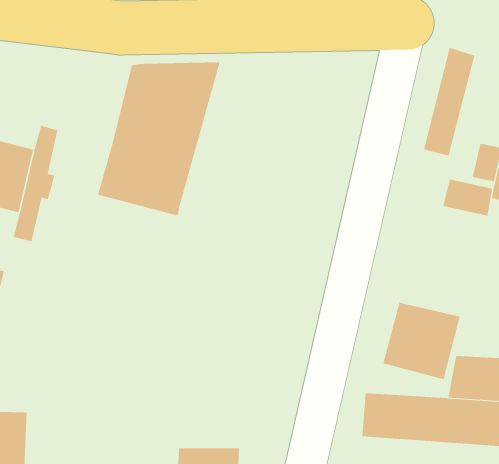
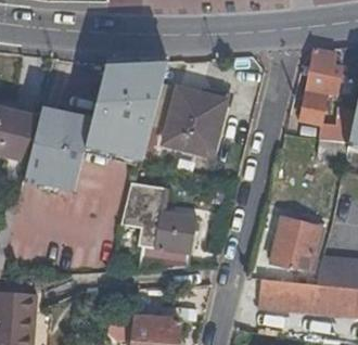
building: none -> [164,89,226,156]
building: none -> [37,104,90,188]
building: none -> [119,180,192,269]

